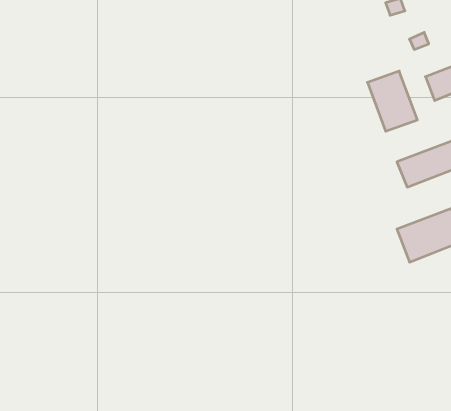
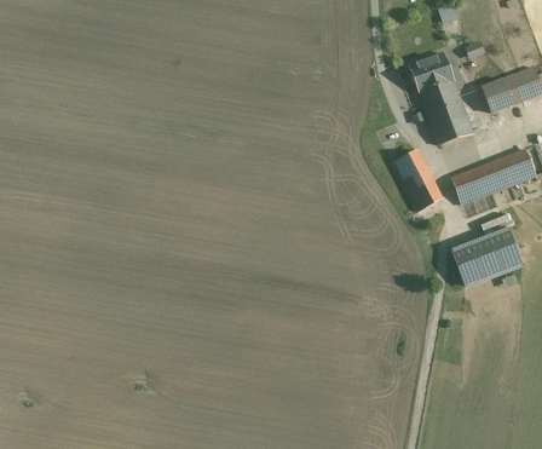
building: none -> [409,51,455,92]
building: none -> [392,148,442,209]

